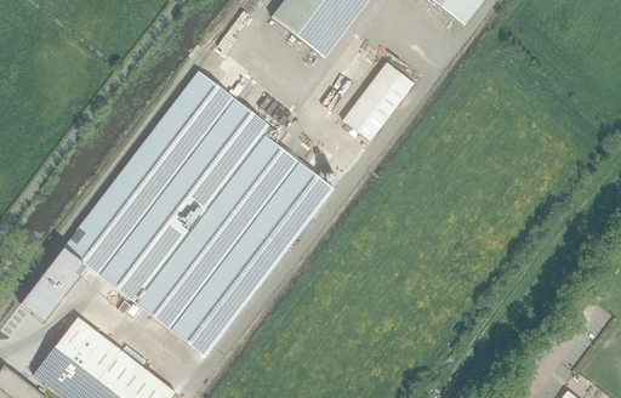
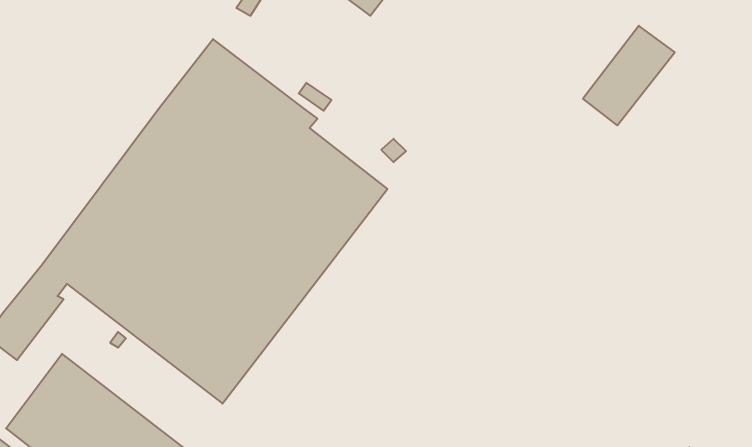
building: [343,62,415,140] -> [583,26,675,125]

